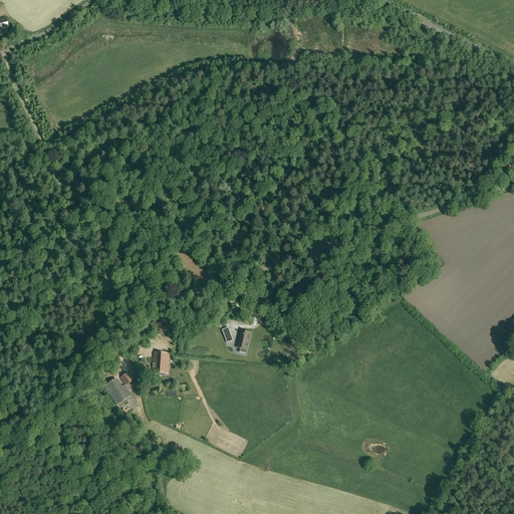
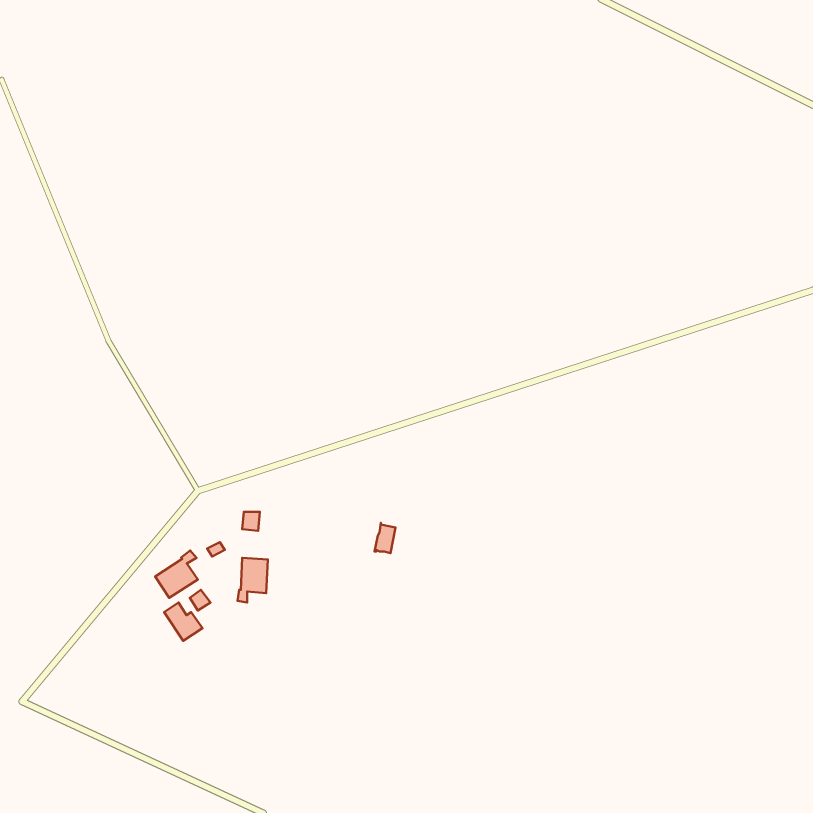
building: none -> [155,550,198,598]

